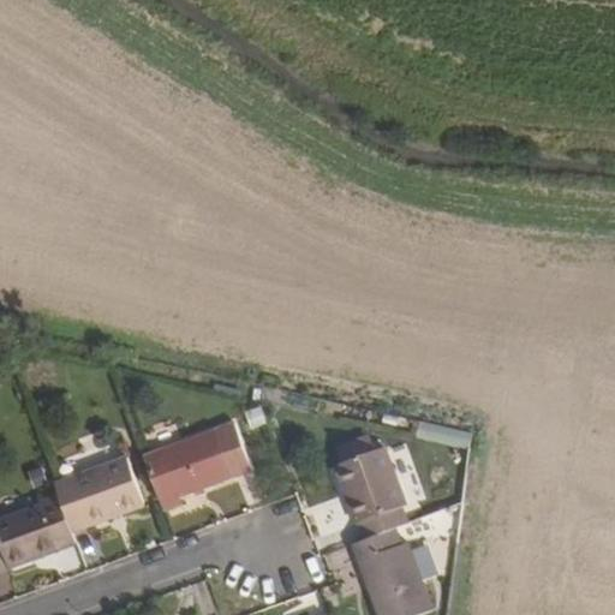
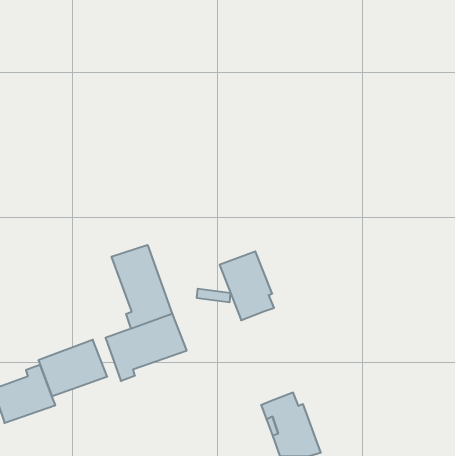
building: none -> [112,245,172,329]
building: [334,447,407,539] -> [220,251,274,320]

